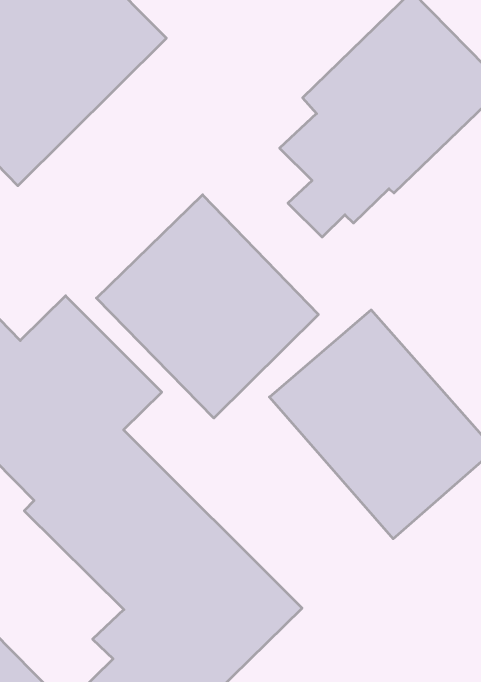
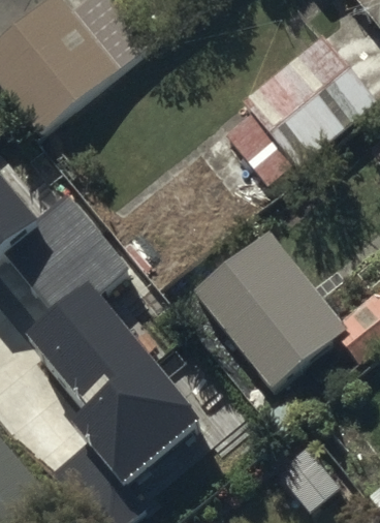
building: [96,195,318,418] -> none

